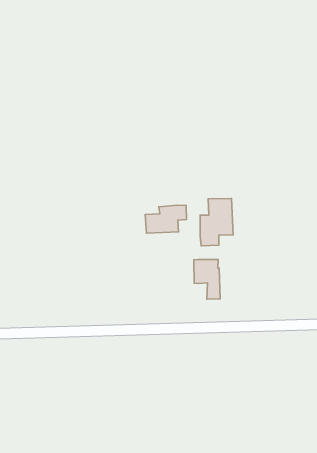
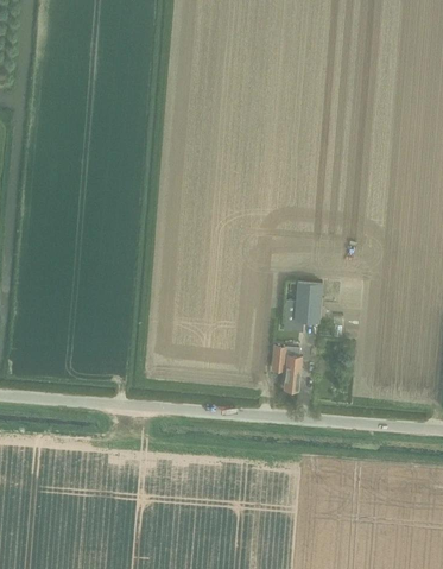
building: [145,205,187,233] -> none

